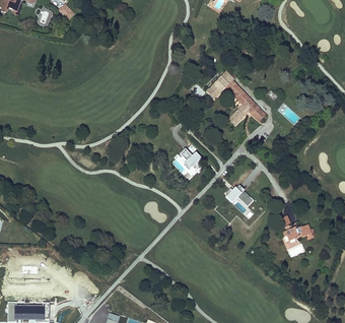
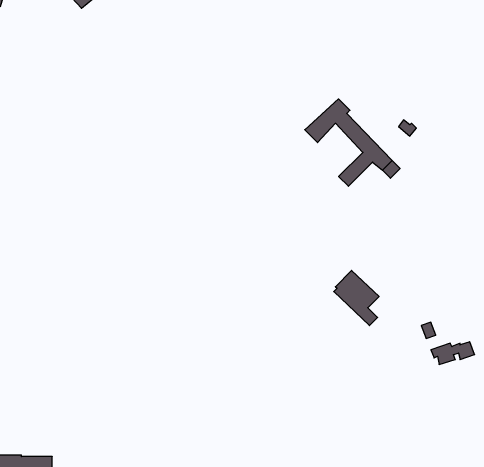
building: [172,147,202,177] -> none

